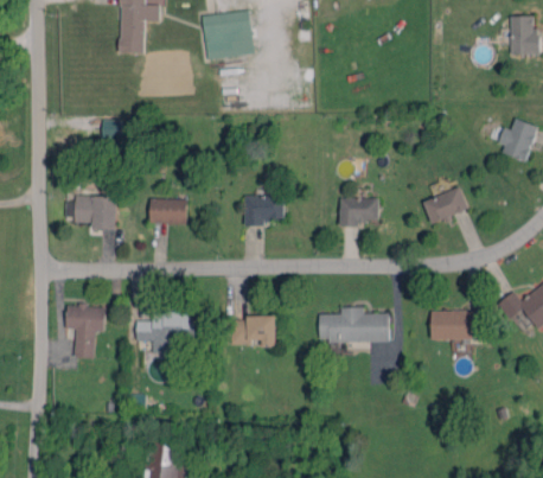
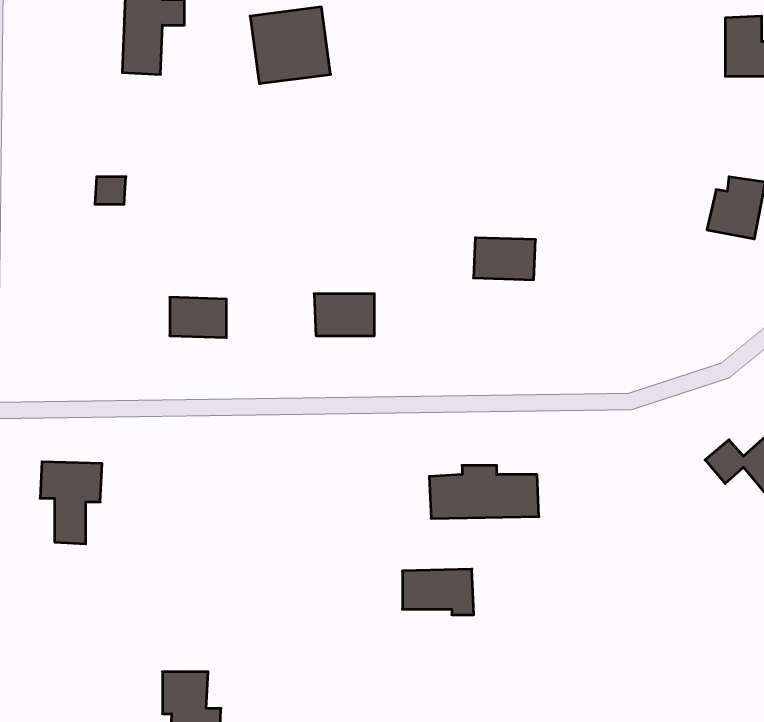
building: [423,187,468,223] -> none
building: [64,196,115,229] -> none
building: [338,197,378,224] -> [473,238,536,280]
building: [429,311,483,339] -> none
building: [135,313,194,353] -> none
building: [230,317,276,346] -> [402,569,474,615]

